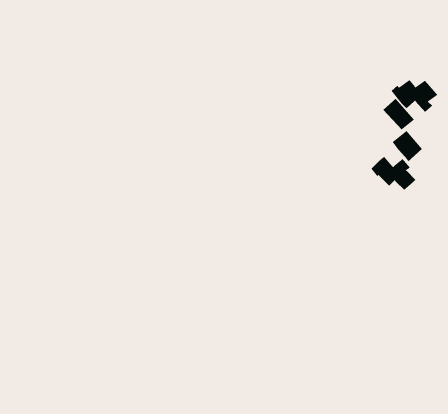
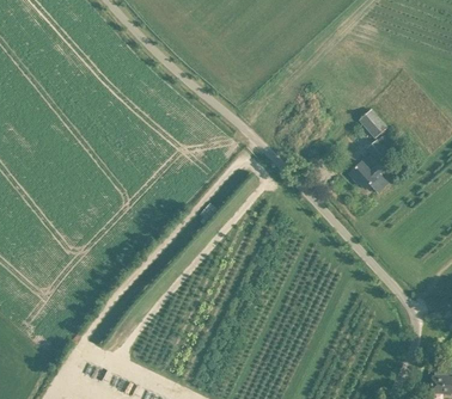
building: [391,79,438,113] -> none

